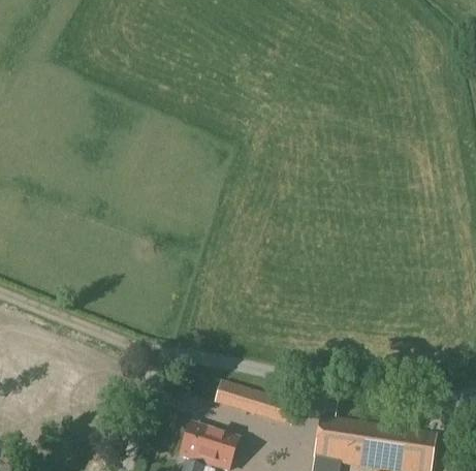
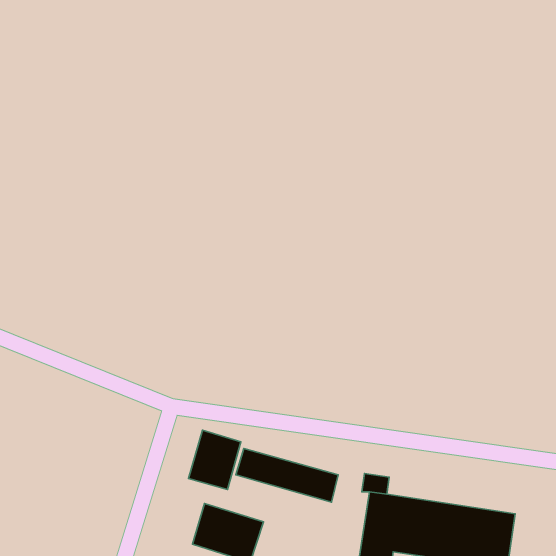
building: none -> [189,430,241,489]

